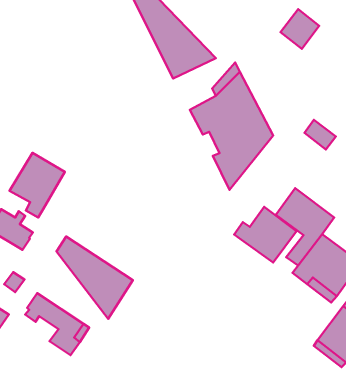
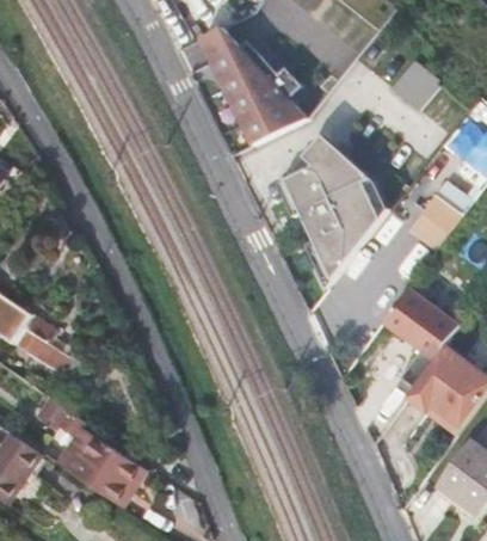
building: [10,153,65,218] -> none
building: [234,207,297,262] -> none
building: [56,236,133,319] -> none

